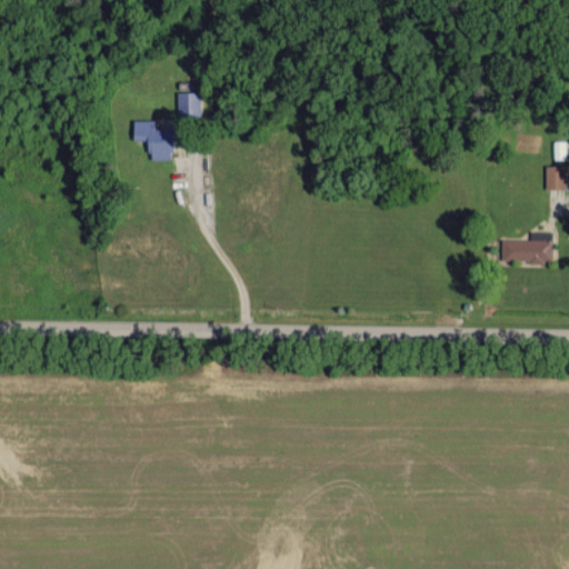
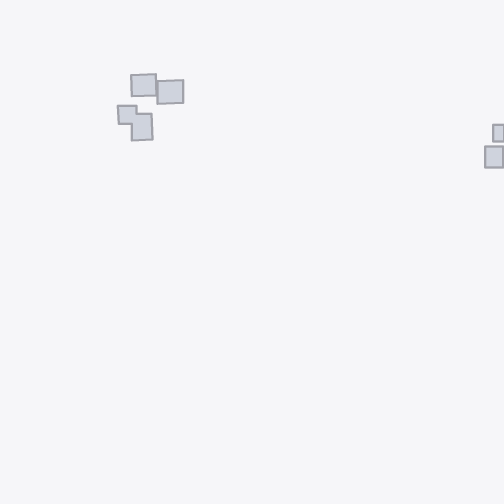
building: none -> [131,74,157,96]
building: [502,231,553,262] -> none

